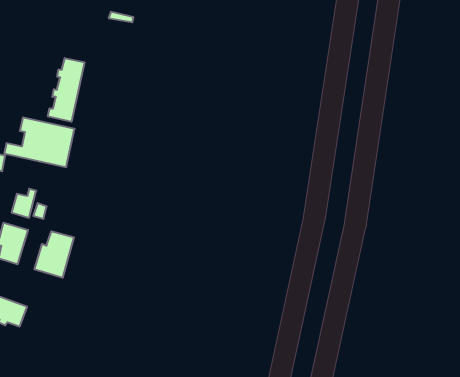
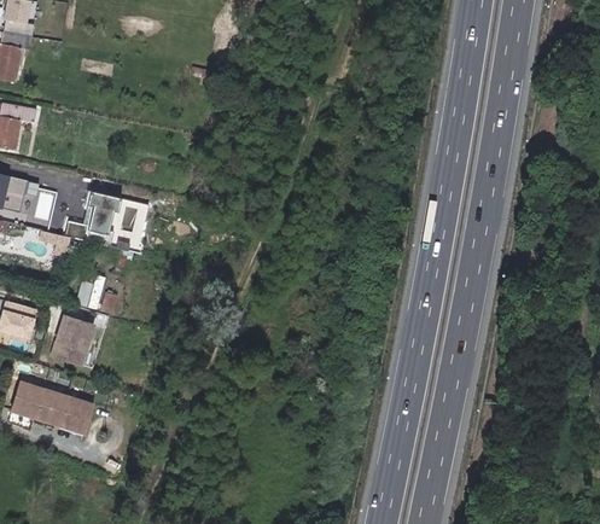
building: [48,58,84,122] -> none
building: [34,231,74,278] -> none

